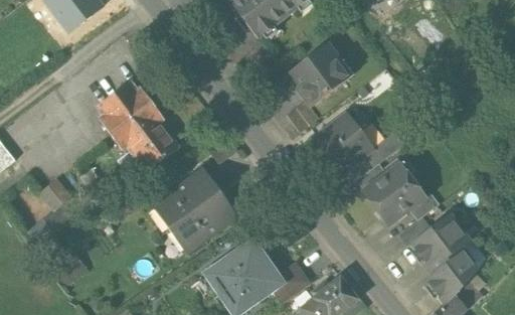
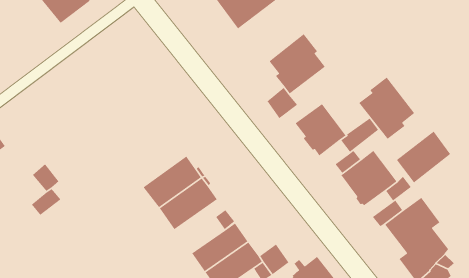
building: [97,82,178,171] -> none
building: none -> [358,76,415,140]
building: none -> [396,130,451,183]

